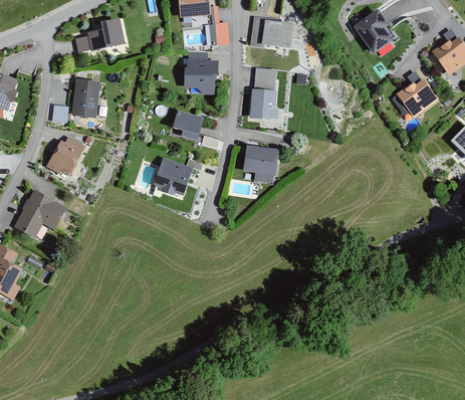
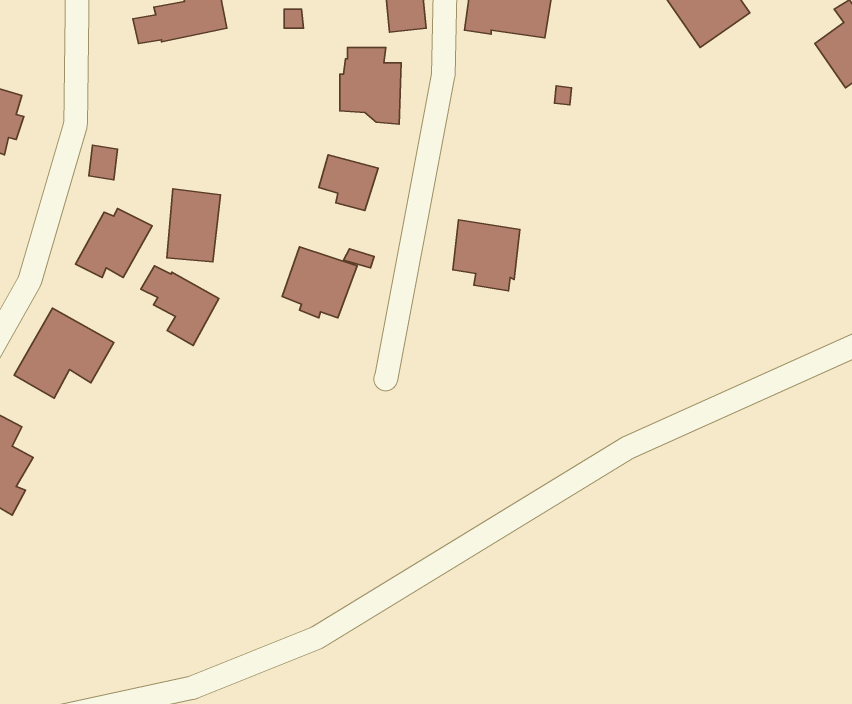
building: [392,70,438,118] -> none
building: [71,79,99,118] -> [167,189,221,262]
building: [249,79,277,119] -> none
building: none -> [141,266,219,345]

